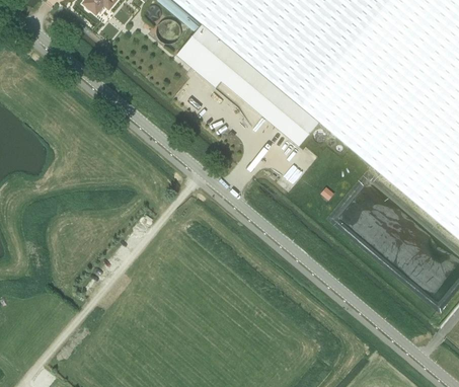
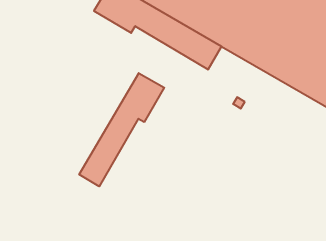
building: none -> [79,73,164,186]

